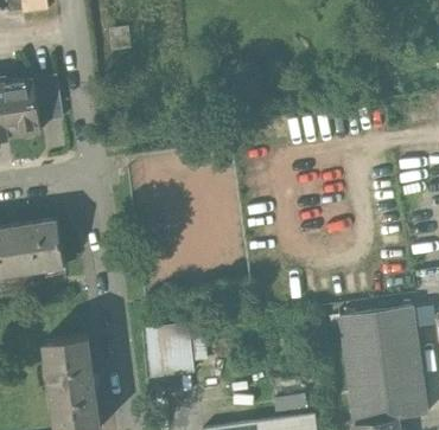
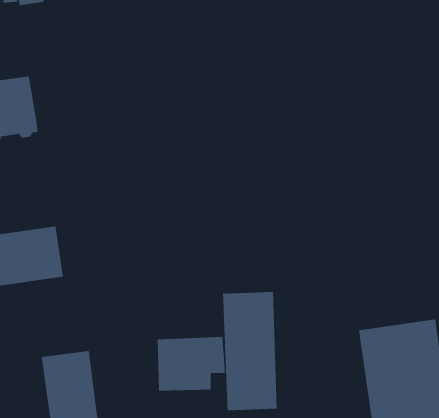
building: [32,75,62,121] -> none
building: none -> [222,291,277,411]

